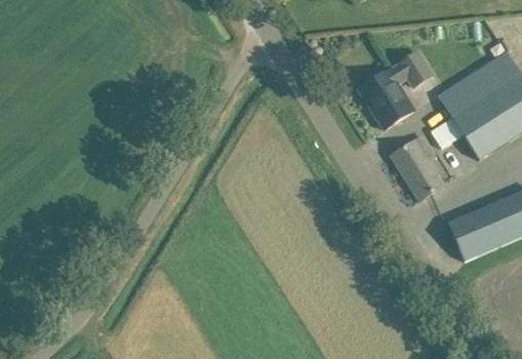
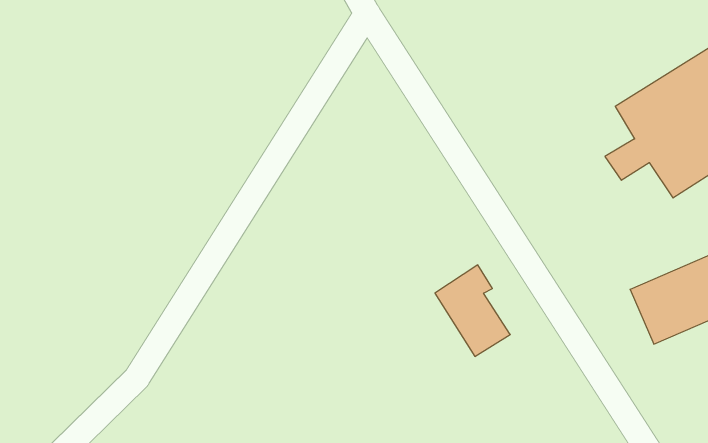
building: [359,50,435,129] -> none
building: [392,136,444,200] -> [435,265,510,356]

